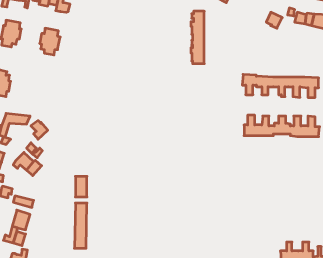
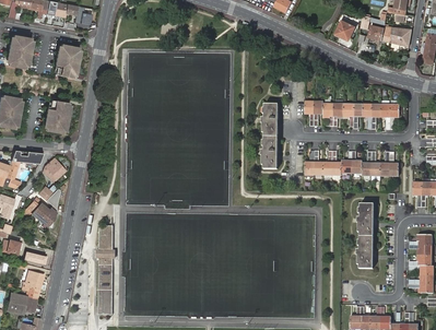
building: [191,11,204,64] -> [262,105,279,169]
building: none -> [44,99,69,131]
building: none -> [357,204,375,270]

